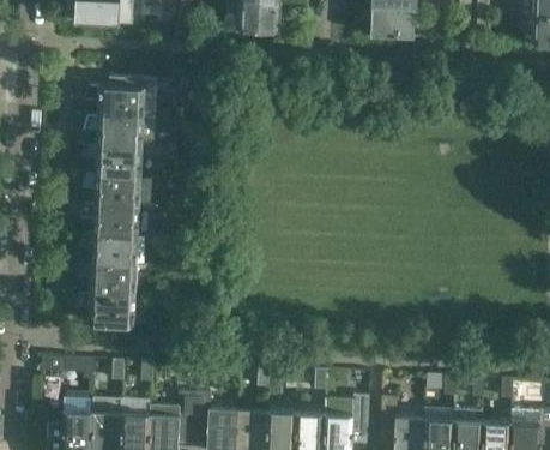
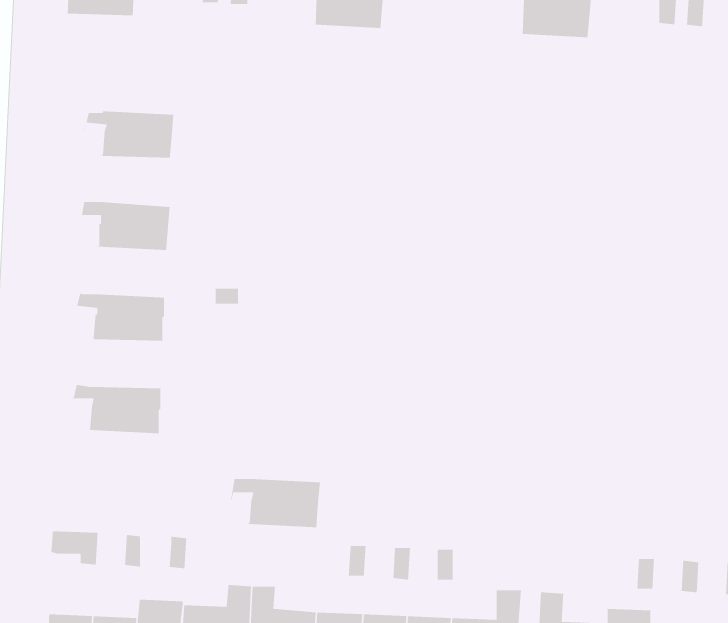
building: [84,114,155,148] -> none
building: [80,173,140,206] -> none
building: [78,233,138,265] -> none
building: [75,293,134,325] -> [230,478,321,528]

